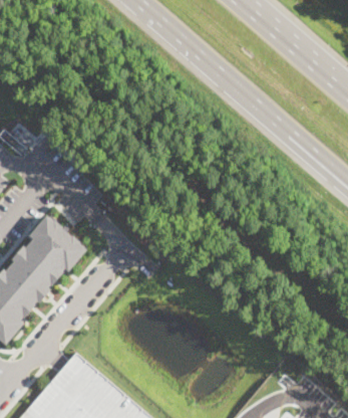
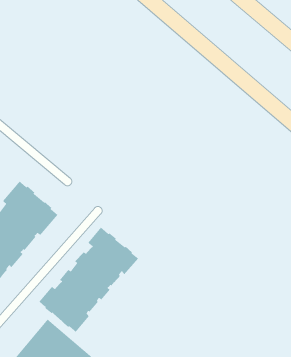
building: none -> [38,227,139,333]

